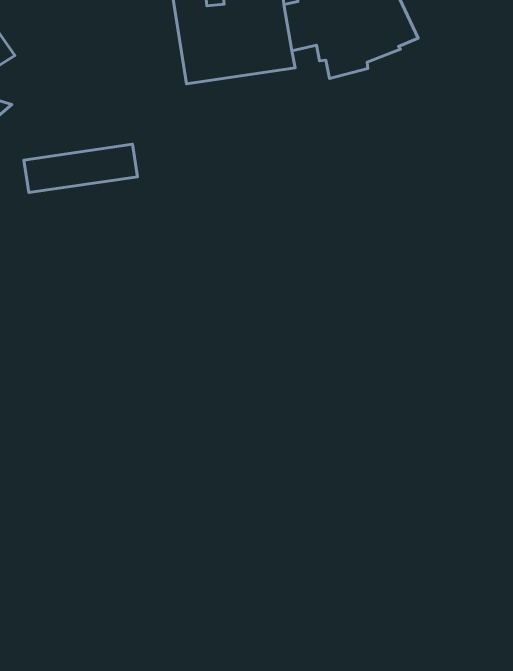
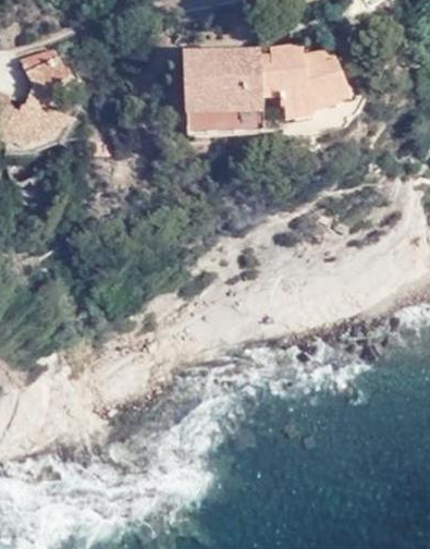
building: [24,144,137,193] -> [187,108,265,134]

